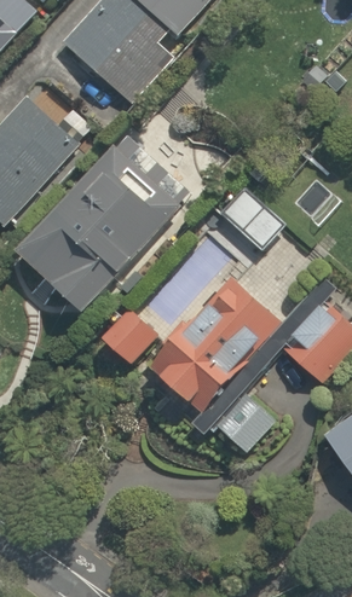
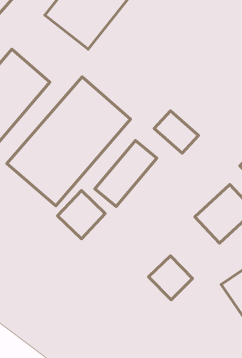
building: [137,282,282,431] -> none

